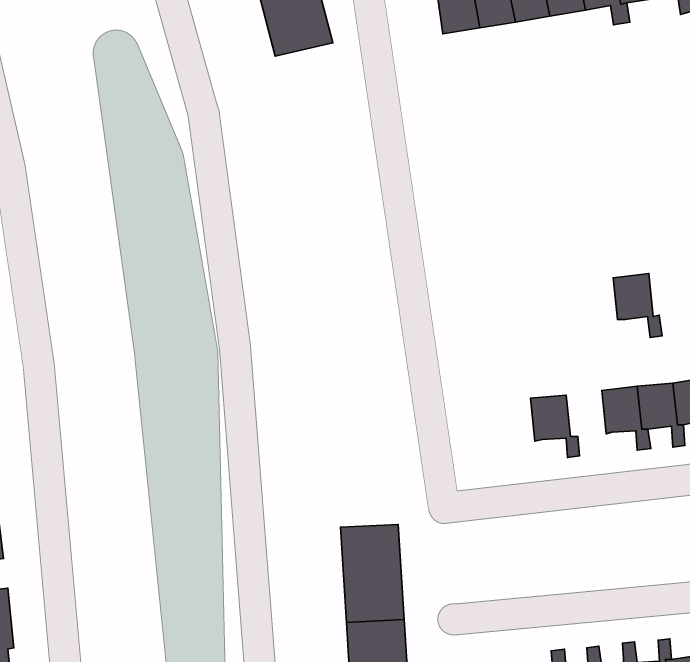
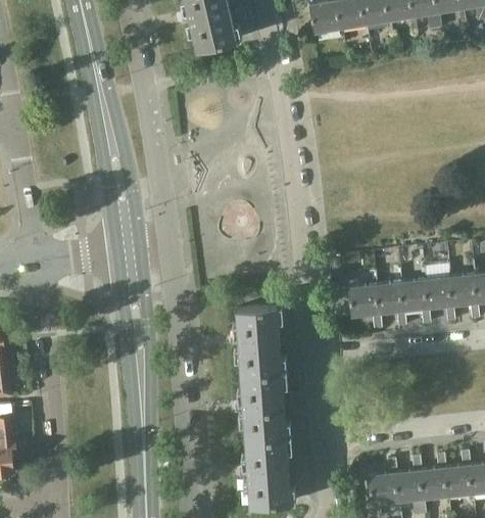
building: [613,273,662,337] -> [396,280,430,324]
building: none -> [347,285,381,329]
building: none -> [236,305,281,374]

